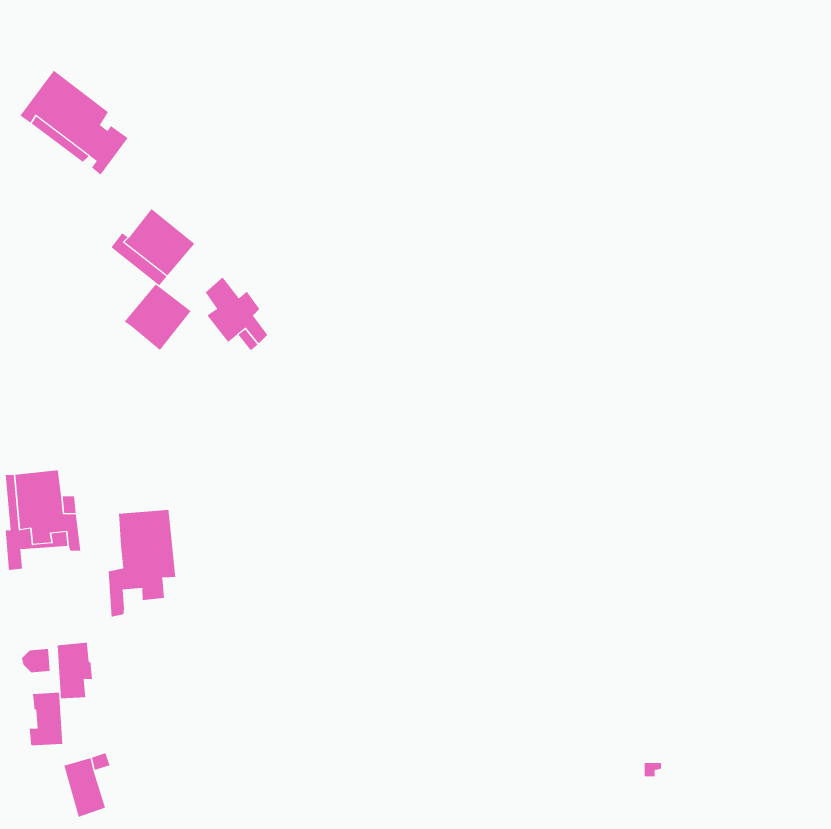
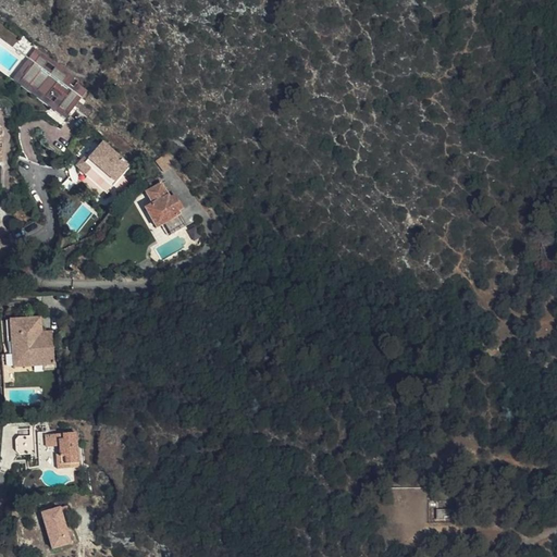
building: [124,283,192,351] -> none
building: [108,509,176,617] -> none
building: [29,692,63,746] -> [57,431,79,467]

